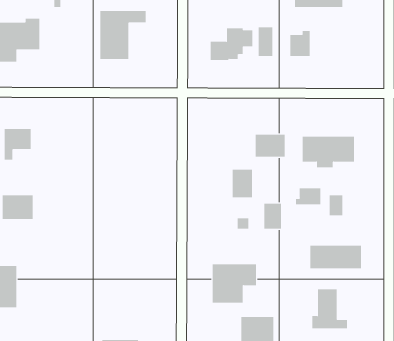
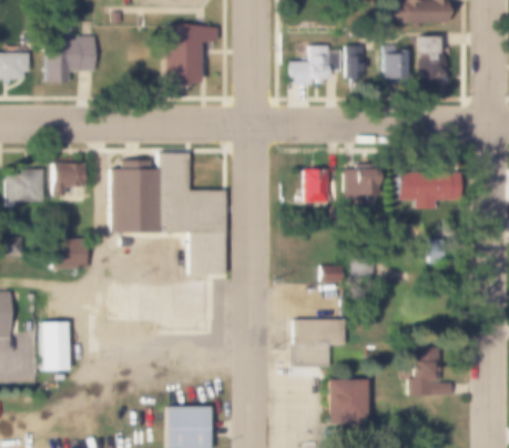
building: none -> [418,37,448,81]
building: none -> [110,153,225,274]
building: [232,169,253,198] -> [304,170,328,203]
building: [296,187,321,205] -> none
building: [310,245,361,269] -> none

